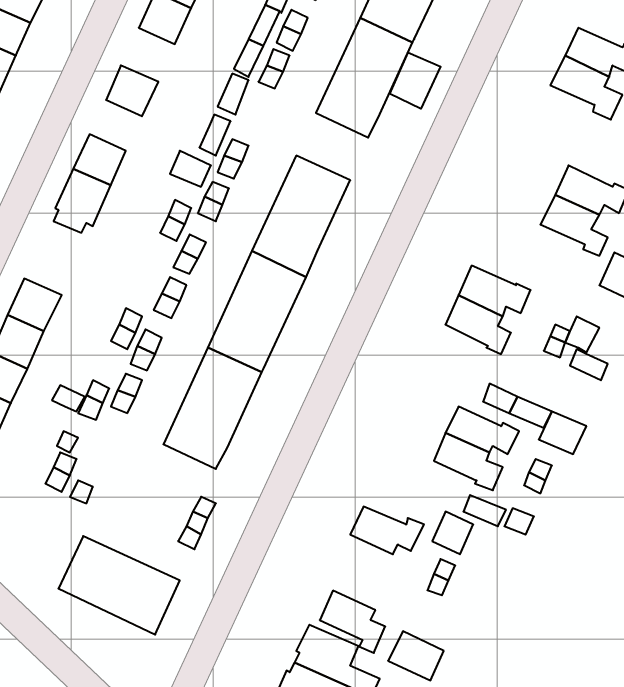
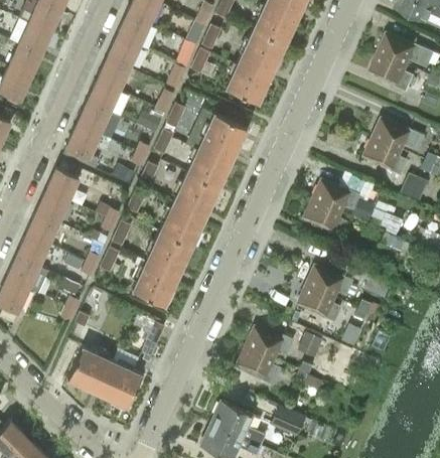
building: none -> [107,35,140,68]
building: [390,53,441,109] -> none
building: none -> [88,80,120,111]
building: none -> [47,168,80,199]
building: [320,591,385,653] -> [240,346,280,385]

